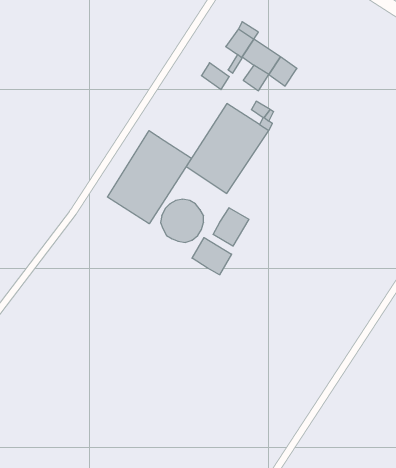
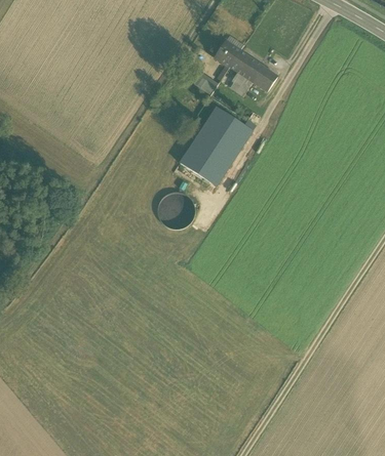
building: [107,131,192,224] -> none
building: [213,208,249,246] -> none
building: [192,238,232,275] -> none

